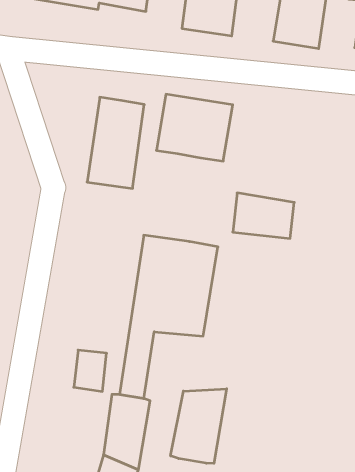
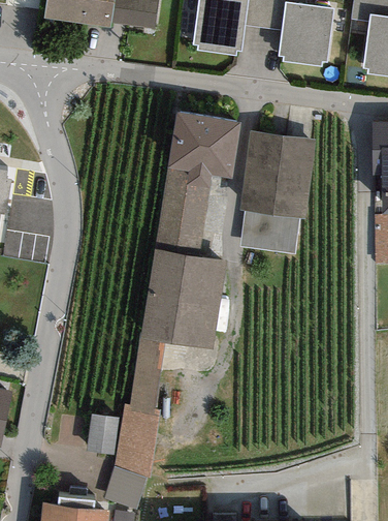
building: [87,97,144,188] -> [154,167,209,256]
building: none -> [239,132,314,219]
building: [74,350,107,391] -> [86,416,118,456]
building: [171,389,227,463] -> none

